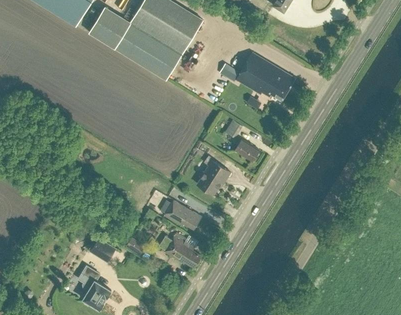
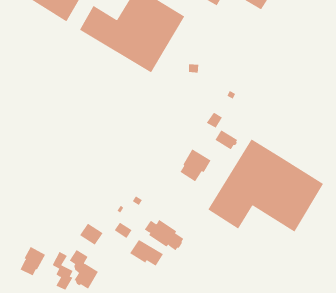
building: [235,52,295,101] -> none
building: none -> [207,139,324,232]
building: [164,200,201,229] -> [129,239,164,266]
building: none -> [20,246,46,276]

